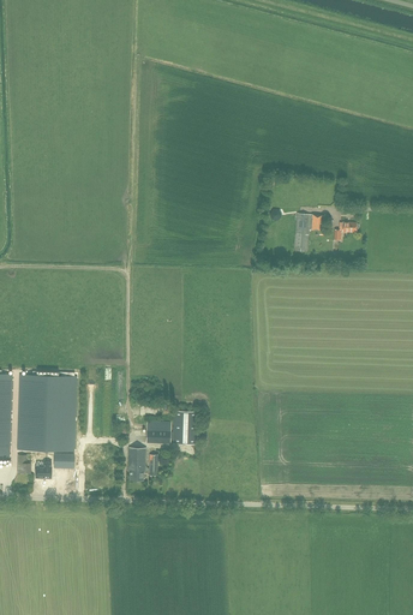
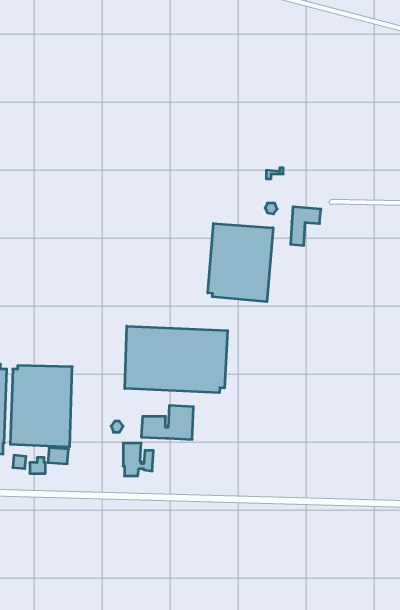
building: none -> [208,223,273,302]
building: none -> [125,326,228,393]

